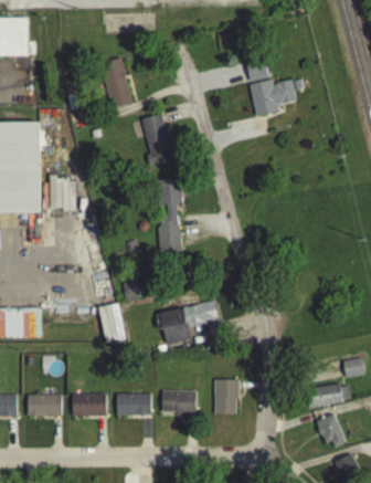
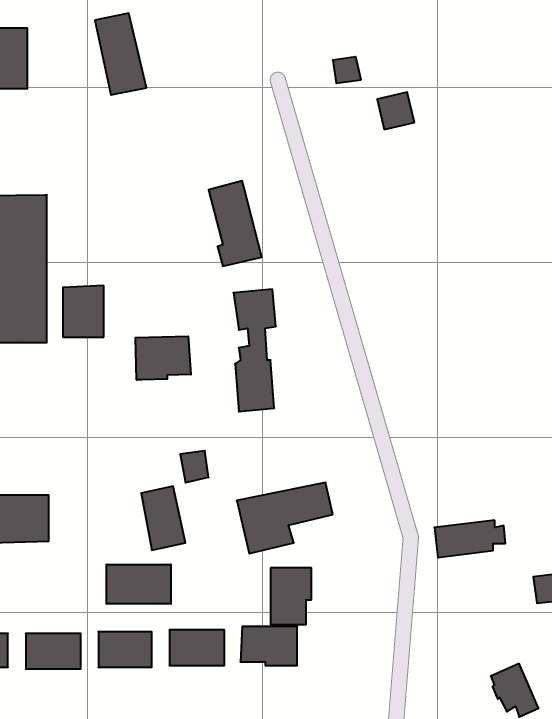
building: [102,57,134,108] -> [95,13,146,95]
building: [248,77,296,117] -> none
building: none -> [135,336,191,380]
building: none -> [107,564,171,604]
building: [214,378,240,413] -> [271,568,311,625]
building: [305,382,349,406] -> [434,520,505,558]

